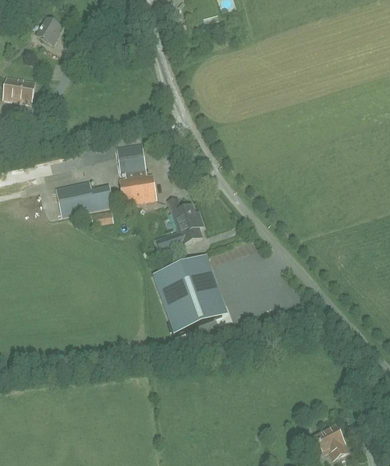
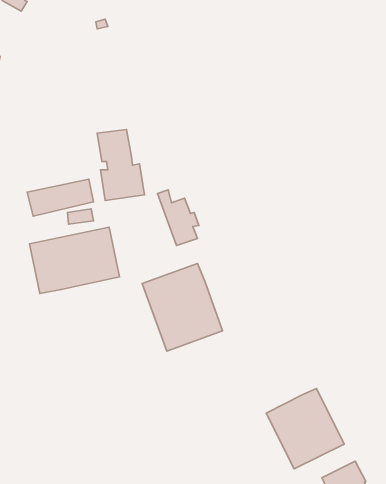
building: none -> [30,227,120,293]
building: none -> [266,388,344,469]

